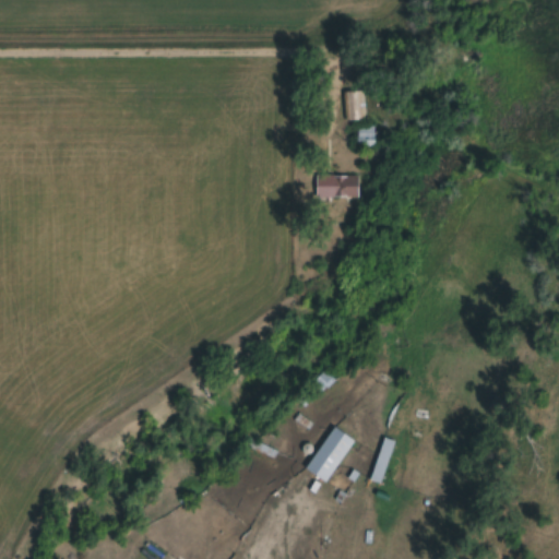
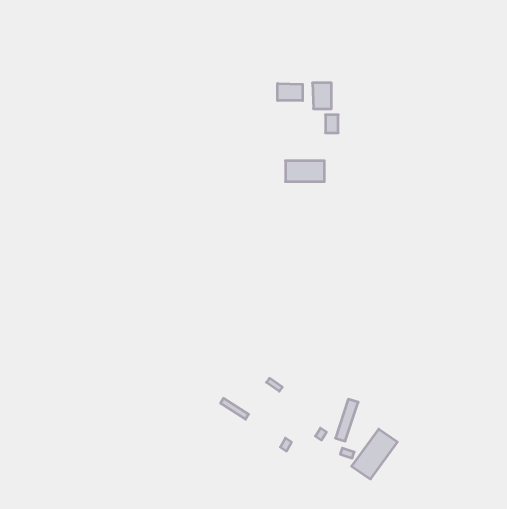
building: none -> [278,83,303,101]
building: [305,427,355,481] -> [352,429,397,479]

